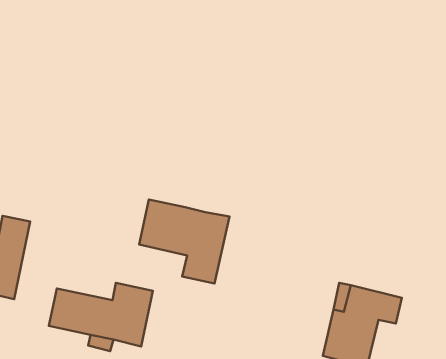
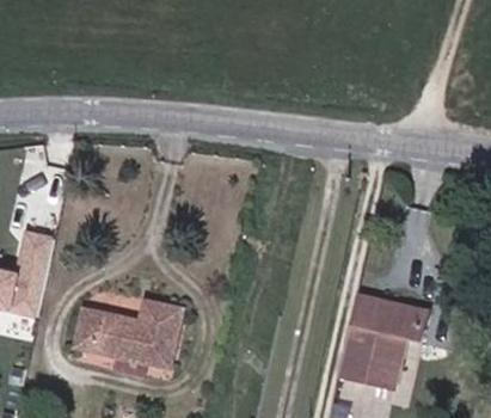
building: [139,200,230,284] -> none

